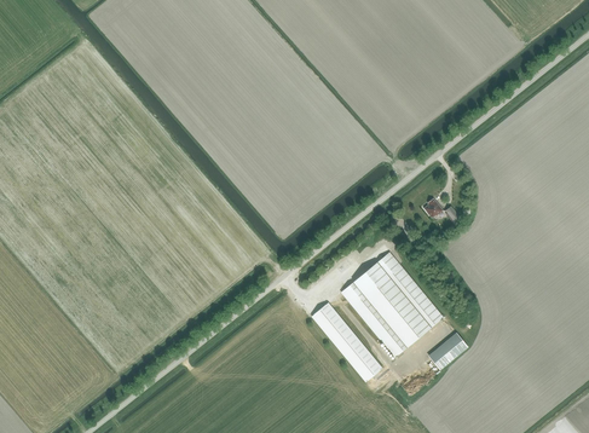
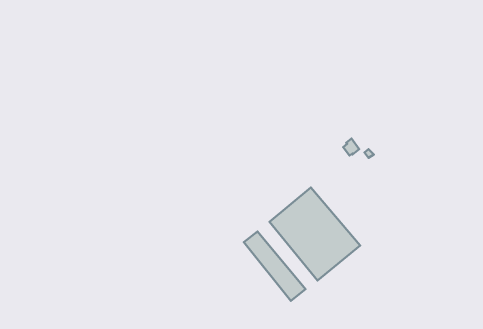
building: [429,333,468,369] -> none

